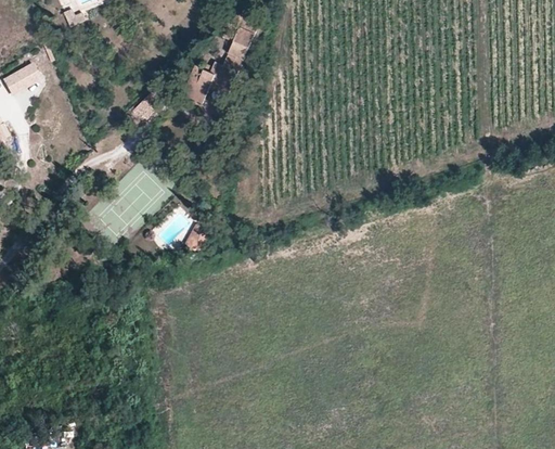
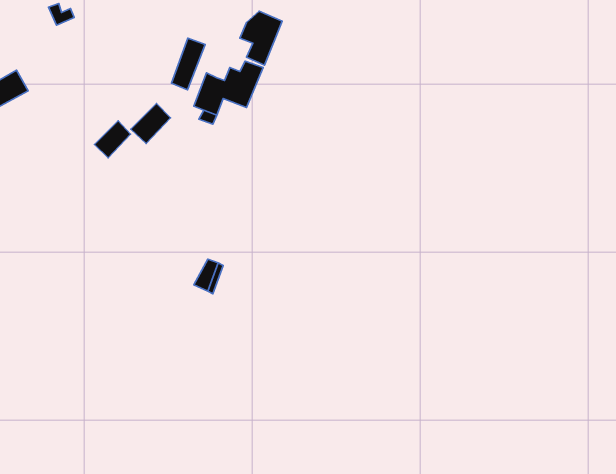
building: none -> [171,38,205,90]
building: none -> [95,121,131,158]

